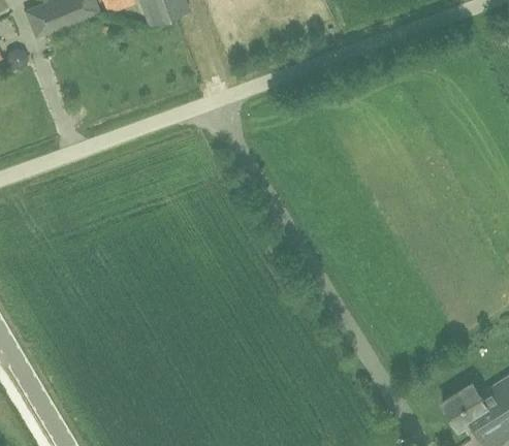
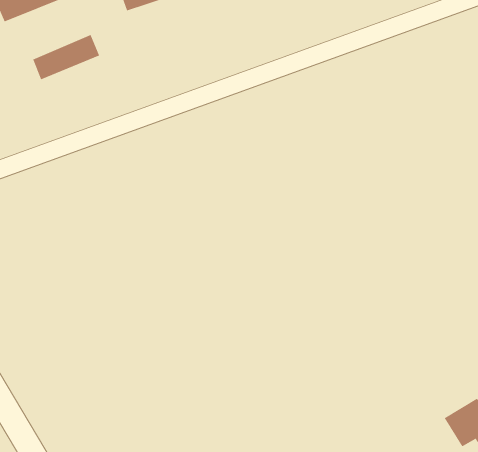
building: none -> [32,34,100,80]

